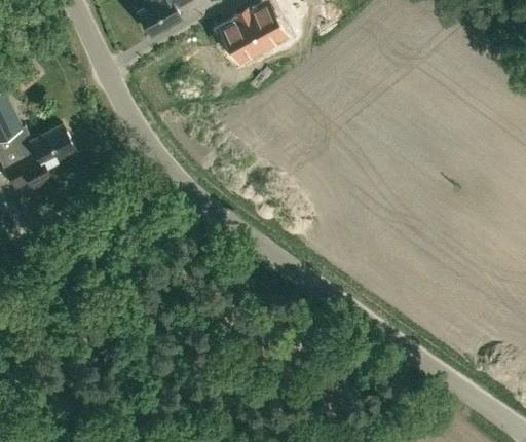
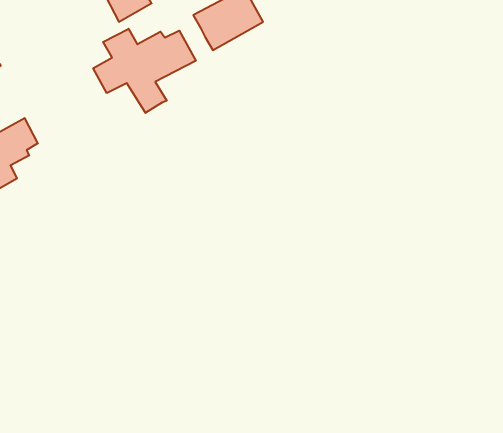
building: none -> [93,29,196,113]

